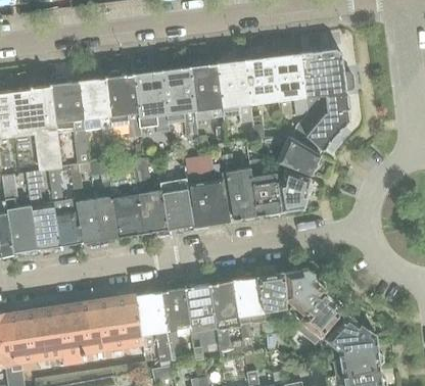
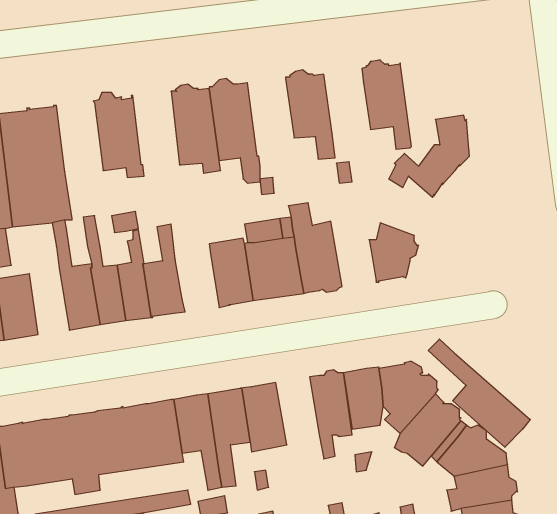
building: [298,50,352,129] -> none
building: [243,55,277,105] -> none
building: [188,62,223,122] -> none
building: [105,71,141,139] -> none
building: [50,79,88,164] -> none
building: [276,136,320,176] -> none
building: [132,160,168,234] -> none
building: [247,161,281,216] -> none
building: [29,192,59,250] -> none
building: none -> [428,339,530,447]
building: [208,279,240,356] -> none

